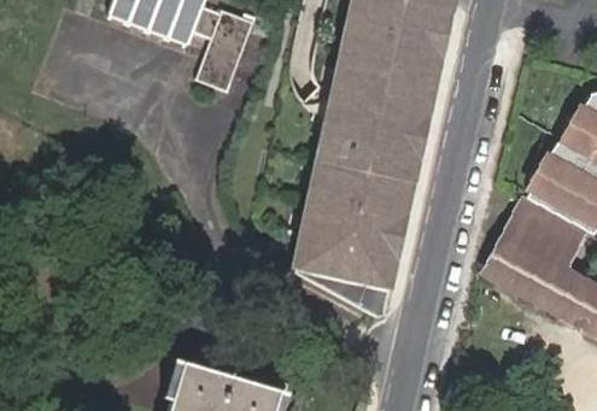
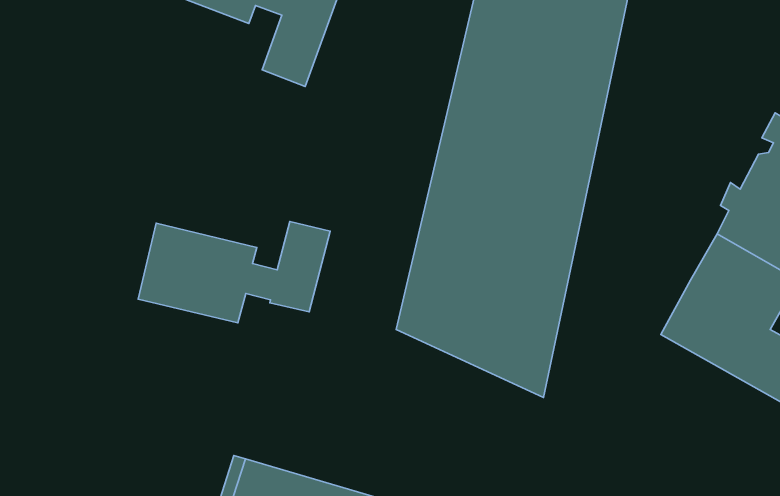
building: none -> [138,221,330,323]

